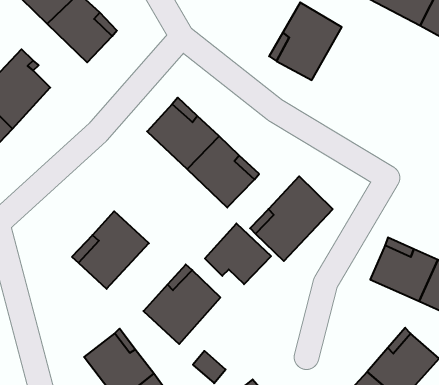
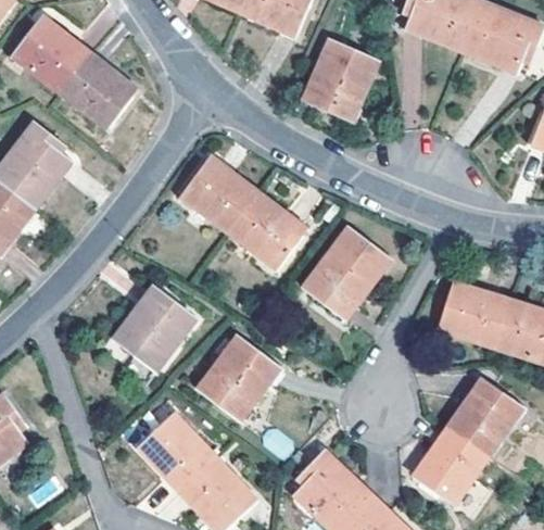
building: [205,223,271,284] -> none

